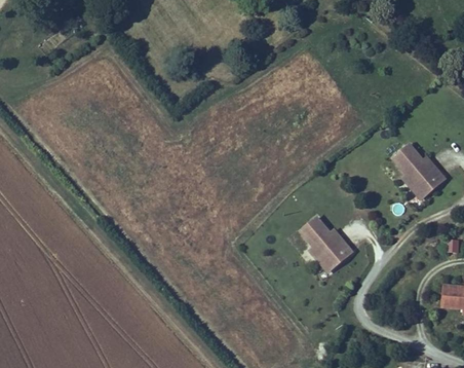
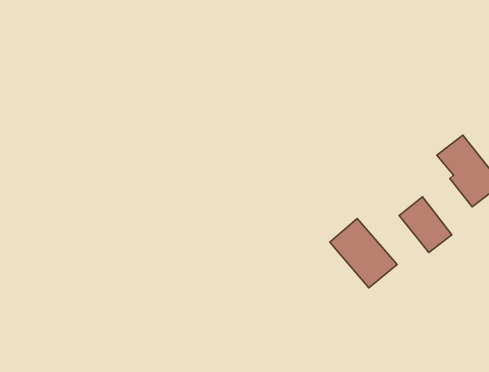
building: none -> [399,197,452,252]

